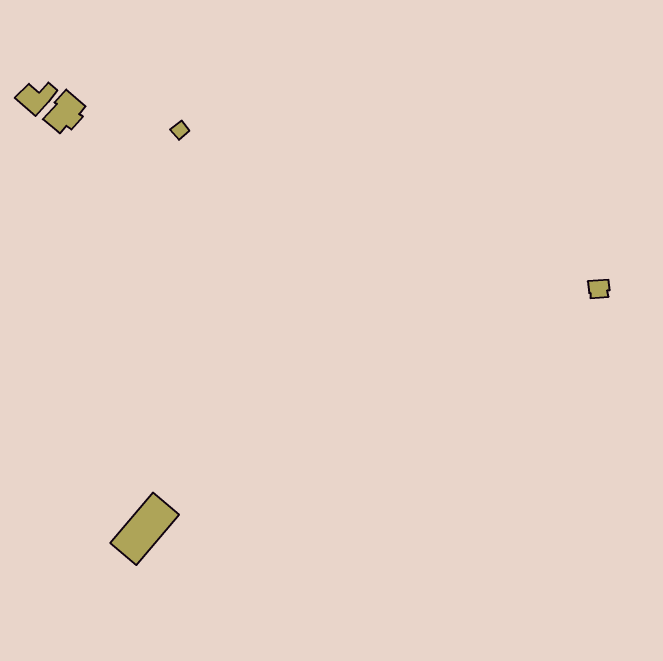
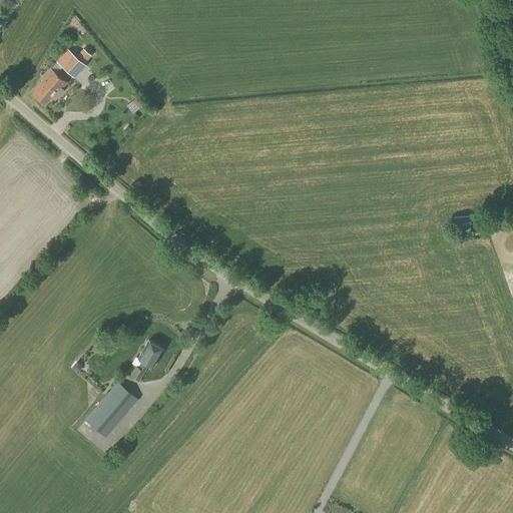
building: [15,82,57,116] -> [57,50,90,76]
building: none -> [130,340,164,381]

